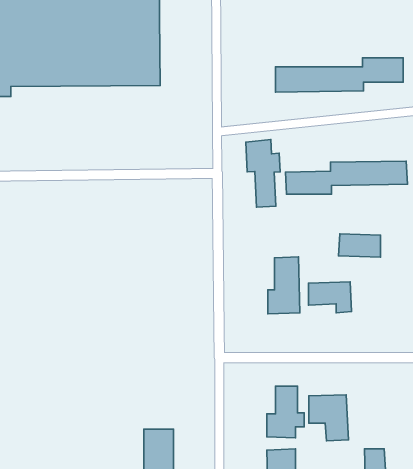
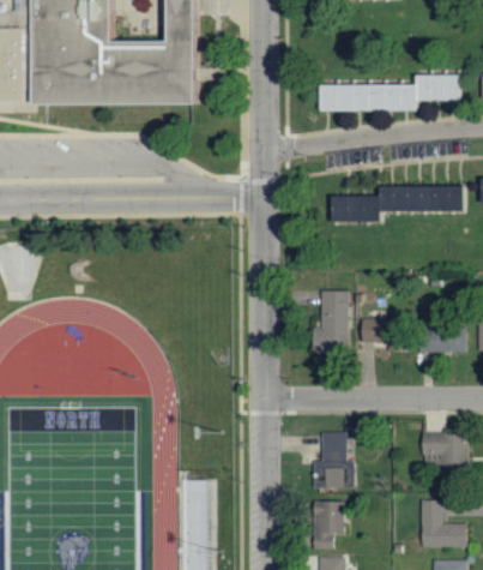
building: [246,139,280,207] -> none
building: [339,234,380,257] -> [418,328,464,353]
building: [309,395,348,441] -> [424,432,467,482]

